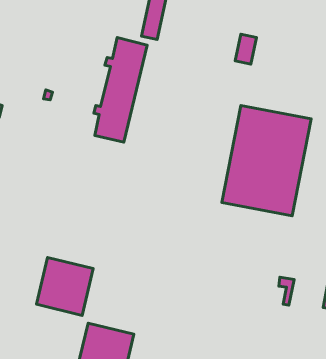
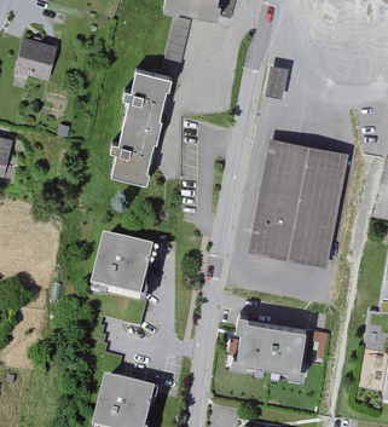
building: none -> [18,40,53,77]
building: [36,257,93,315] -> [92,238,154,301]
building: none -> [231,316,306,379]

